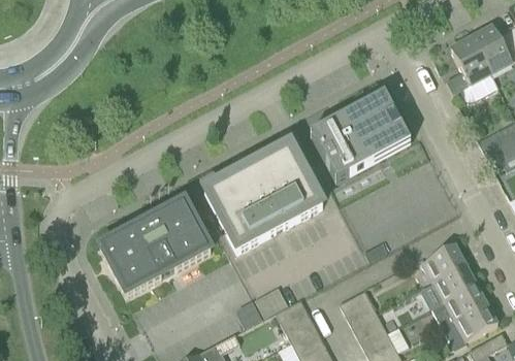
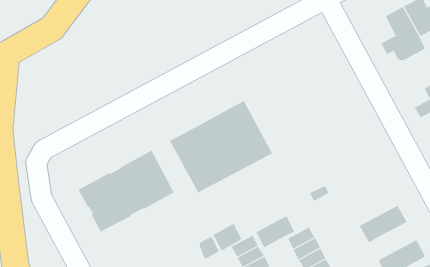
building: [310,95,406,182] -> none
building: [421,242,464,281] -> none
building: none -> [256,216,295,248]
building: [431,283,486,326] -> none

